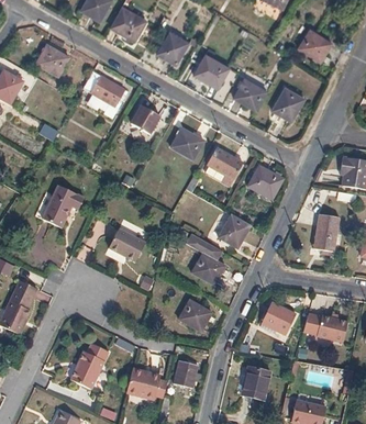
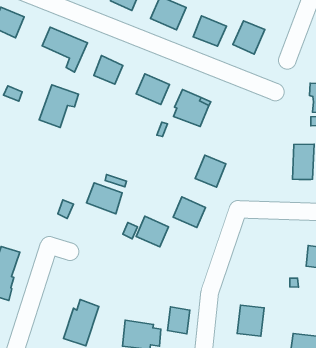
building: [247,165,284,199] -> none
building: [42,185,84,227] -> [39,85,78,128]
building: [179,299,212,331] -> [136,216,168,247]
building: [260,302,296,334] -> none

